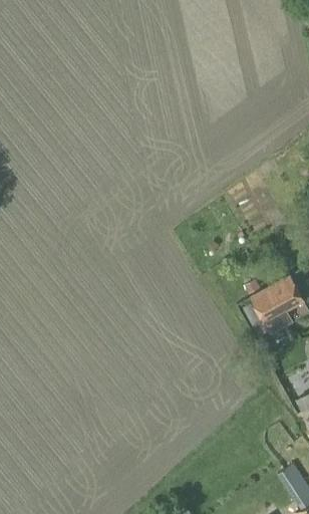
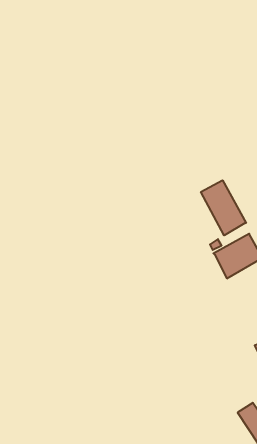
building: none -> [201,180,246,235]

